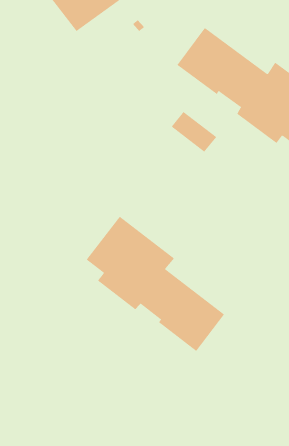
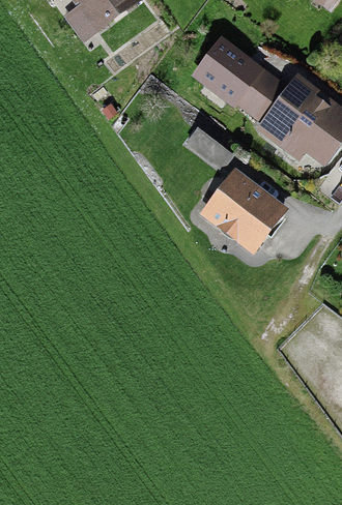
building: none -> [199,168,288,255]
building: [86,216,225,352] -> none

